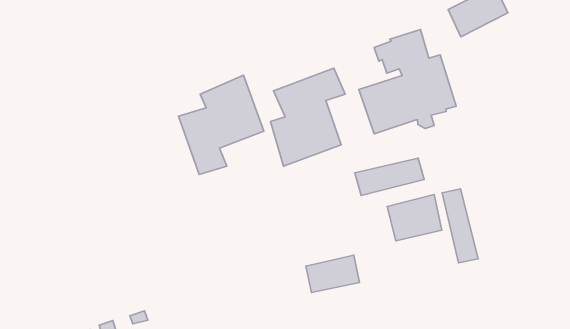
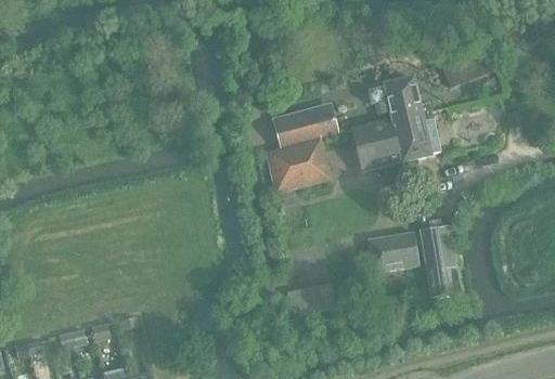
building: [178,75,264,174] -> none
building: [355,158,424,196] -> none

